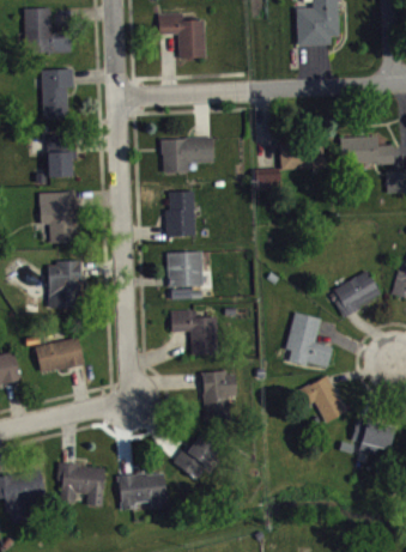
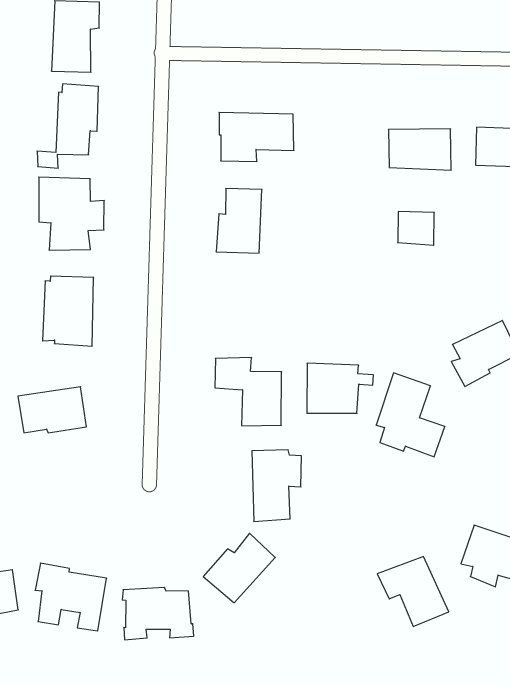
building: [254,168,280,190] -> [398,212,434,245]
building: [166,251,213,287] -> [307,363,373,413]
building: [297,375,349,424] -> [377,557,449,627]

